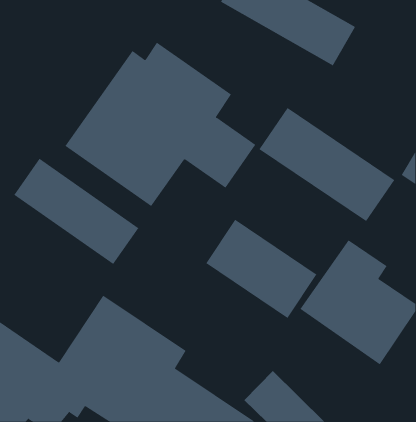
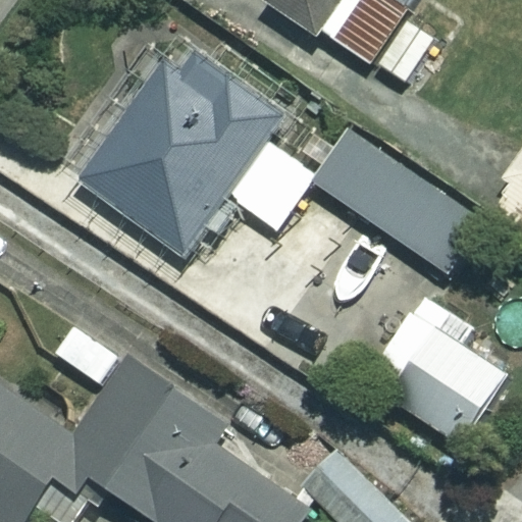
building: [14,158,139,265] -> none
building: [205,219,317,319] -> none

